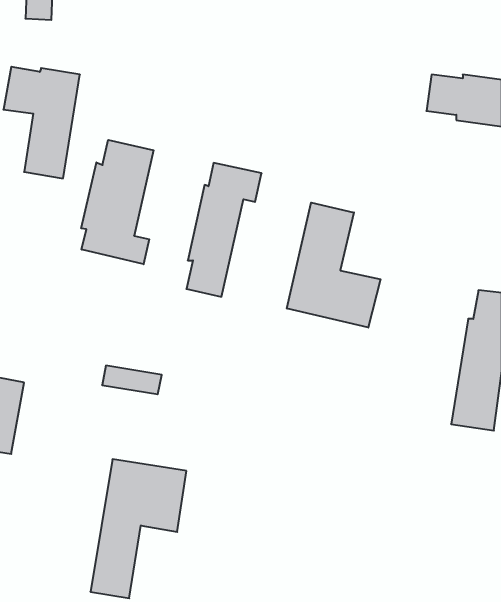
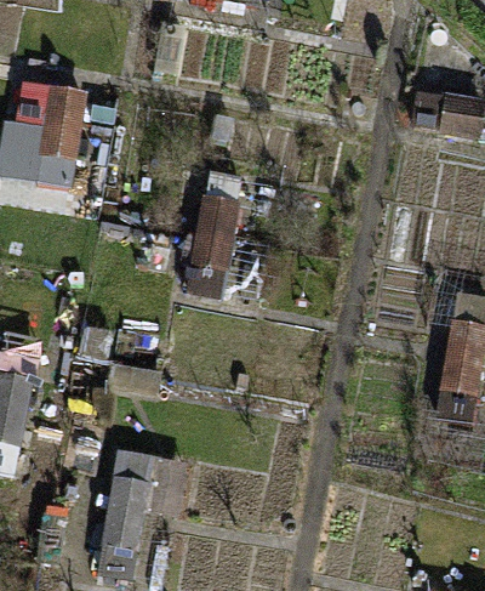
building: [81,140,154,264] -> none
building: [287,203,381,328] -> none

